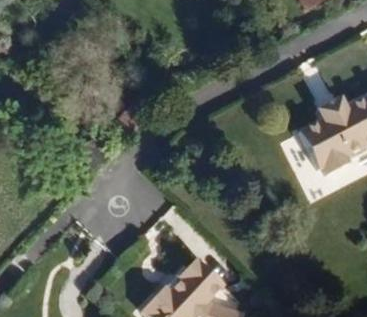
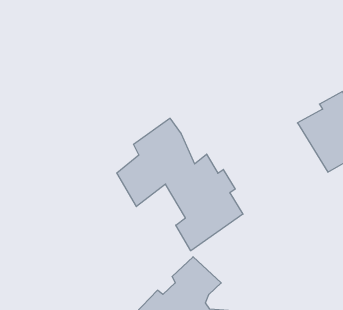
building: none -> [117,118,243,251]

